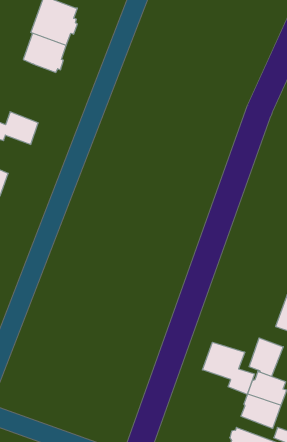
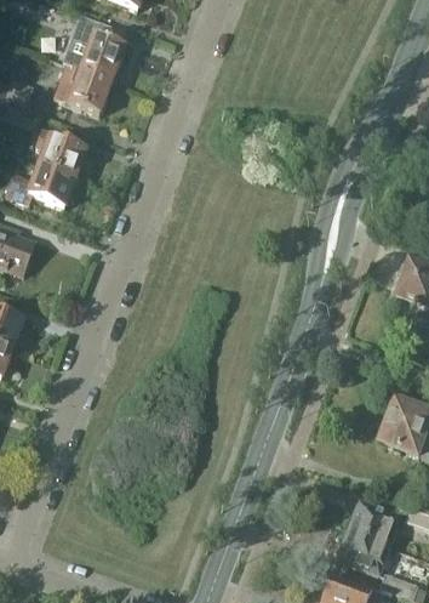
building: none -> [34,127,84,178]
building: [249,338,283,376] -> none
building: [202,342,255,394] -> none

